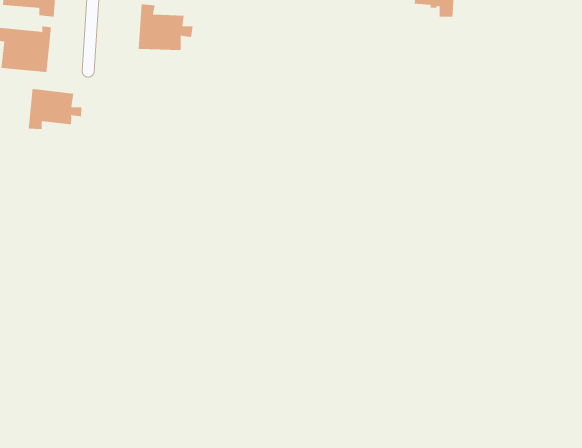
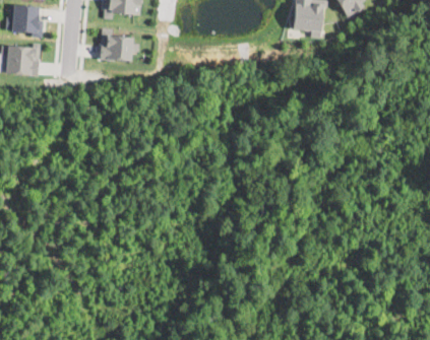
building: [28,88,82,130] -> none

